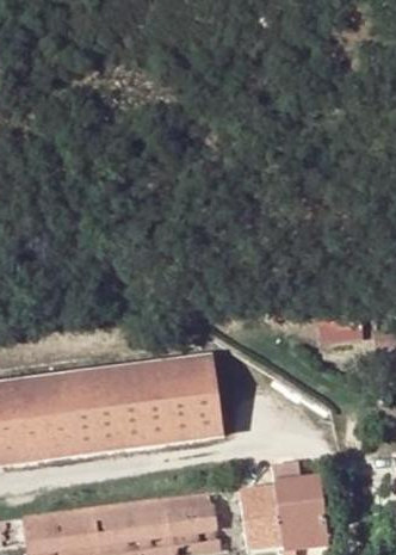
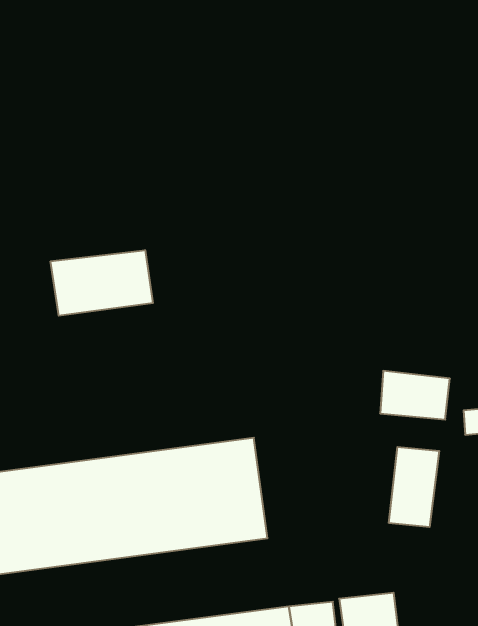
building: none -> [51,250,153,316]
building: none -> [389,447,439,527]

